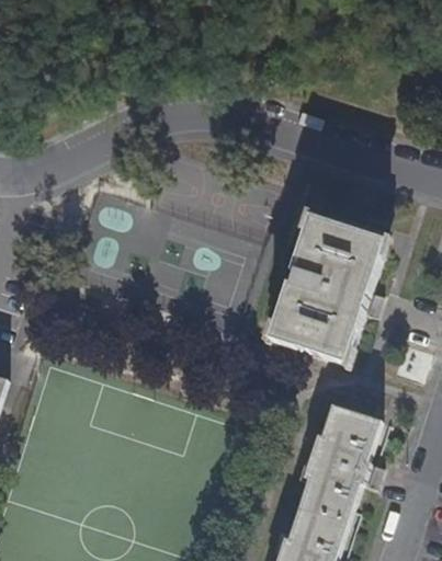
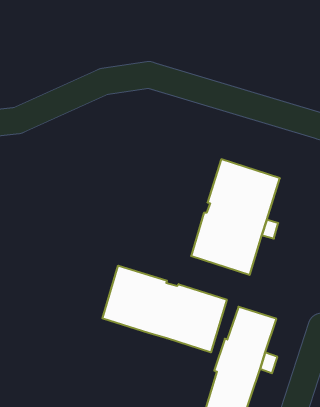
building: none -> [102,266,227,352]

